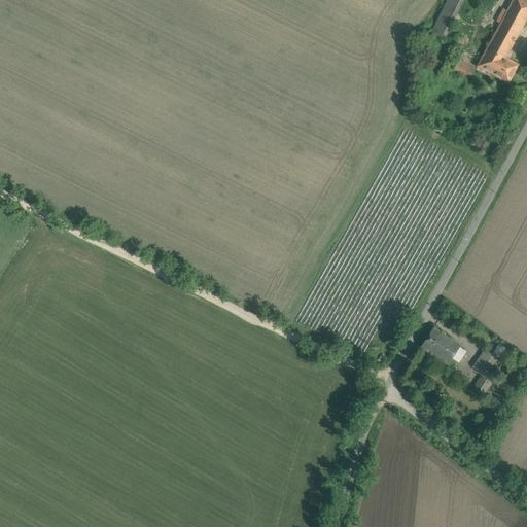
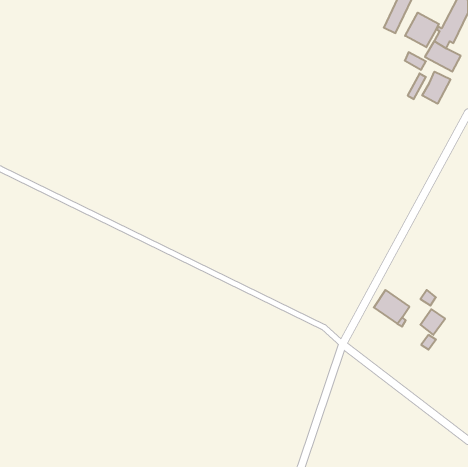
building: none -> [405,13,439,47]
building: none -> [422,72,450,104]

